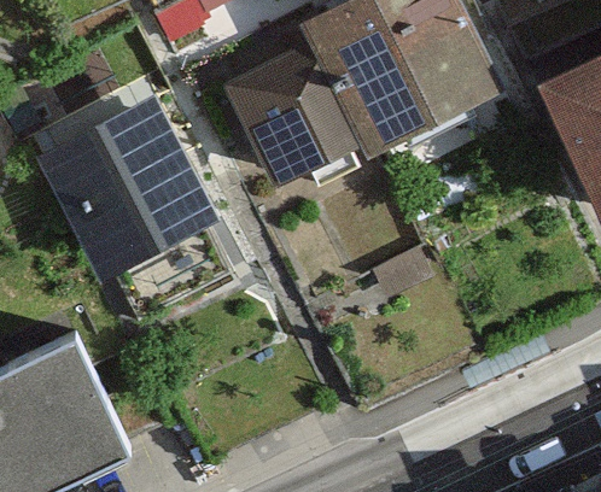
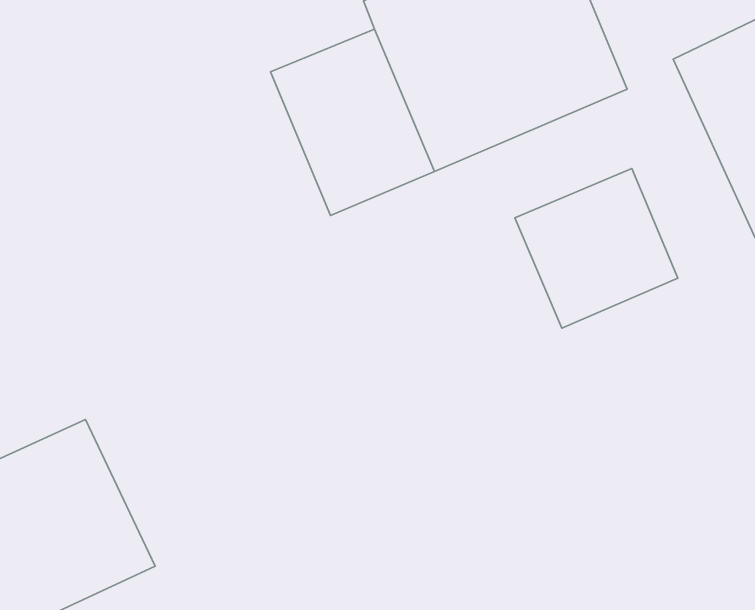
building: [41,99,217,282] -> none
building: none -> [515,169,678,328]

